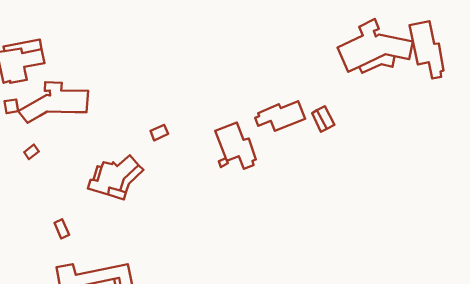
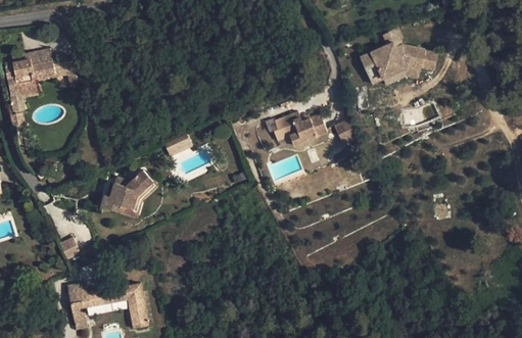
building: [410,21,444,79] -> none
building: [18,82,88,123] -> none
building: [215,122,256,169] -> none

